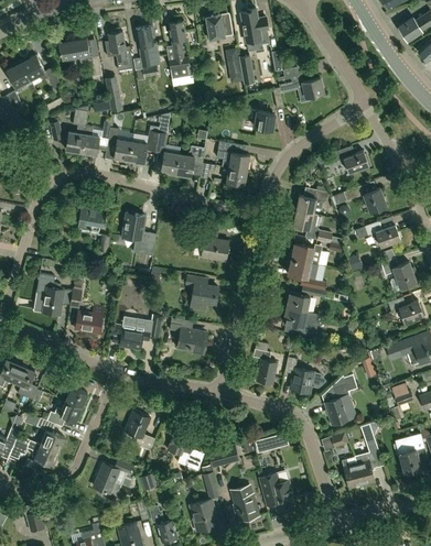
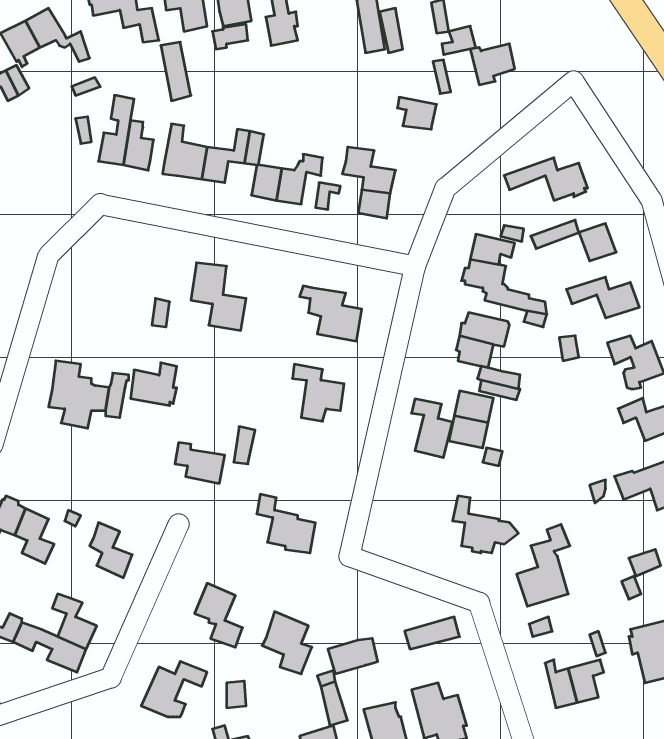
building: [77,204,106,236] -> none
building: [75,307,104,334] -> [131,363,177,406]
building: [170,318,206,354] -> [257,494,315,553]
building: [252,349,278,385] -> [411,399,452,458]
building: [46,401,80,427] -> none

